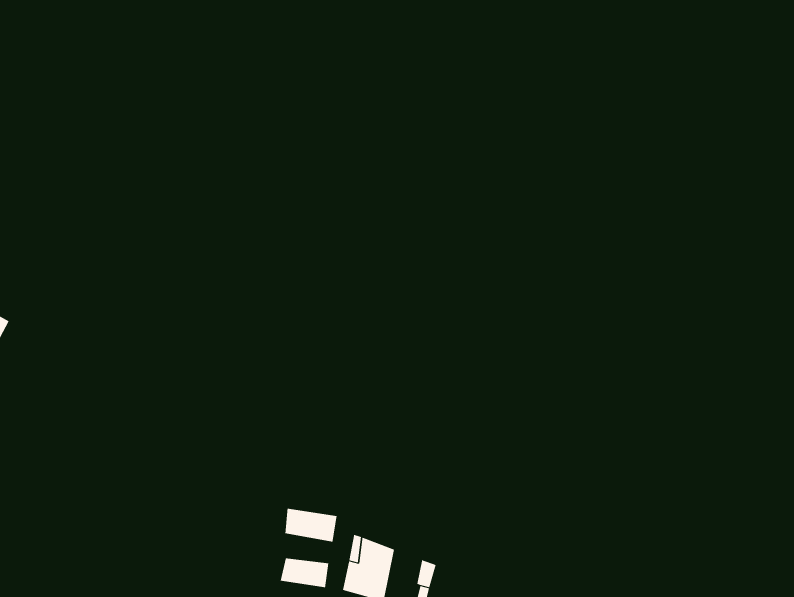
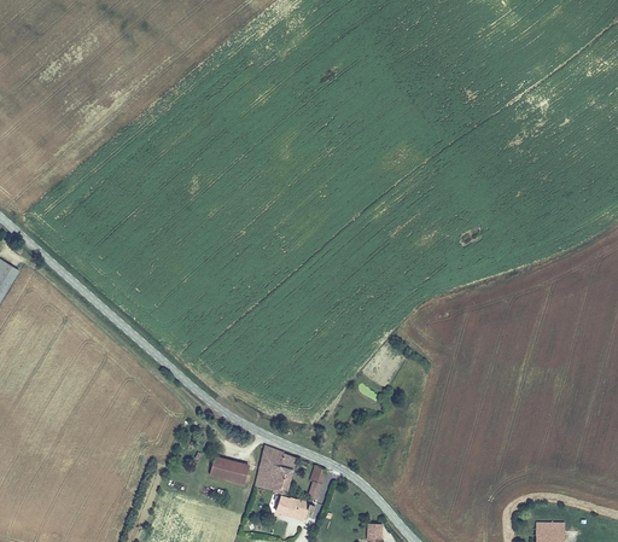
building: [285,508,337,543] -> none

